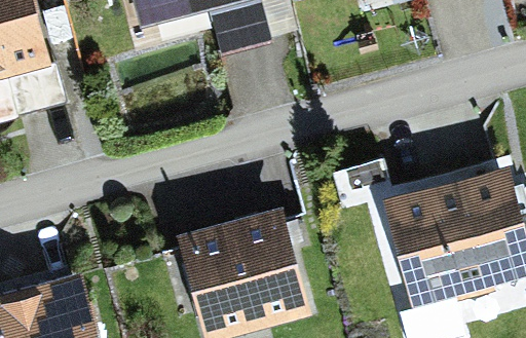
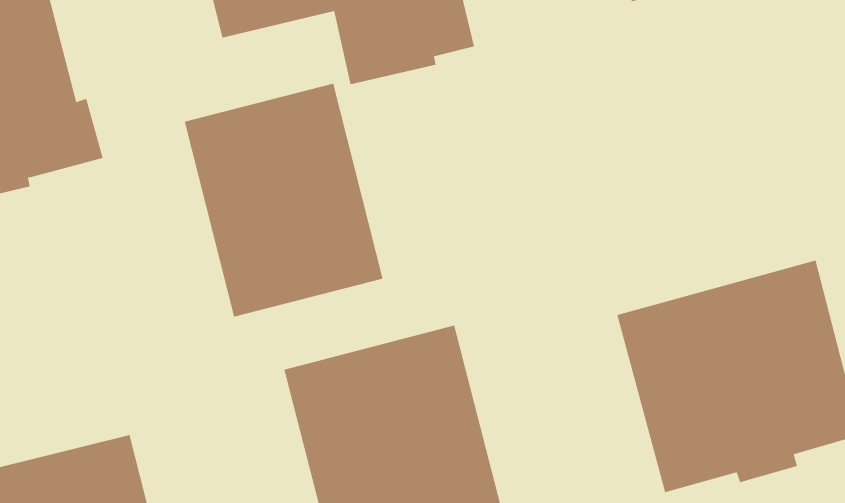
building: none -> [184,83,383,318]

